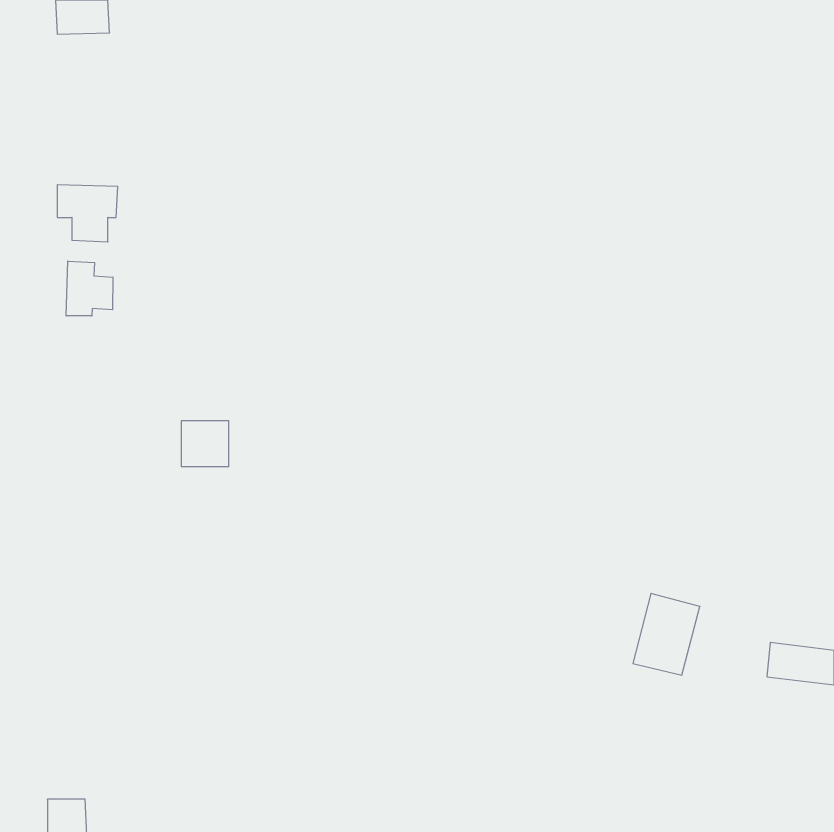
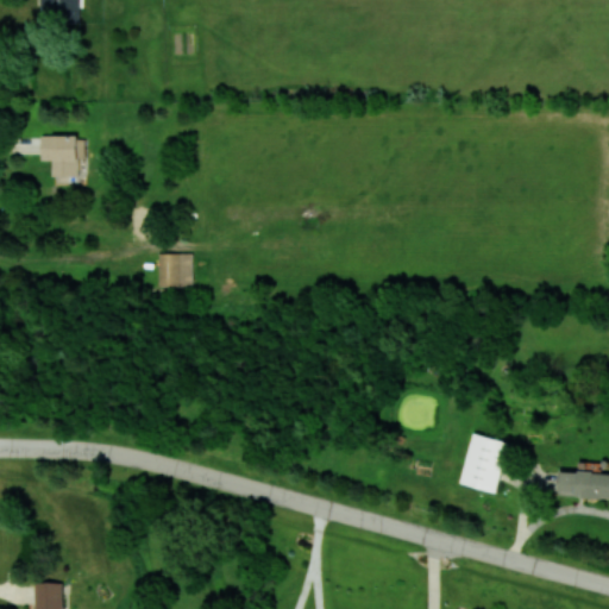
building: [66,261,113,316] -> none
building: [181,421,229,467] -> [158,255,193,288]

